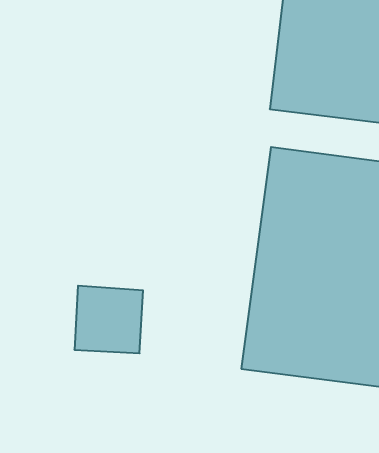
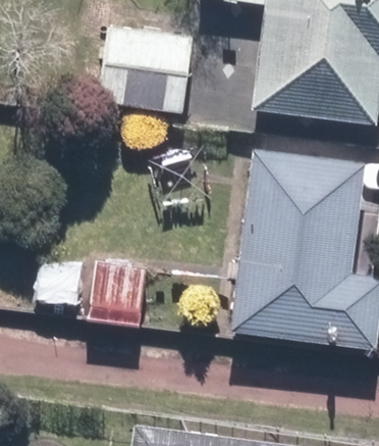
building: none -> [101,28,188,112]

